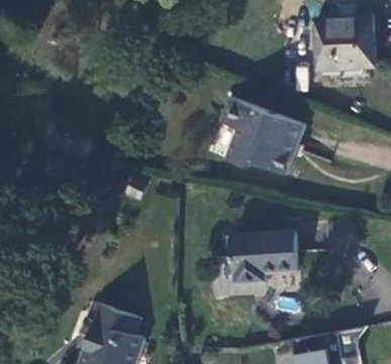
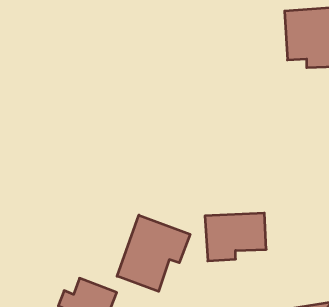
building: [221,96,305,174] -> none
building: none -> [117,215,190,291]

